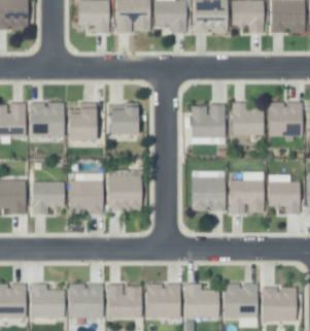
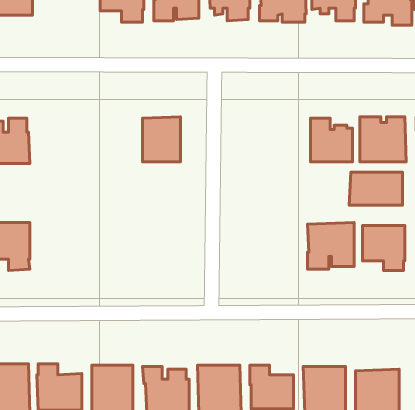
building: [31,101,63,136] -> none
building: [71,101,98,140] -> none
building: [188,105,223,137] -> none
building: none -> [349,172,402,205]
building: [109,176,141,211] -> none
building: [193,176,226,211] -> none
building: [69,180,102,214] -> none
building: [32,183,61,213] -> none

